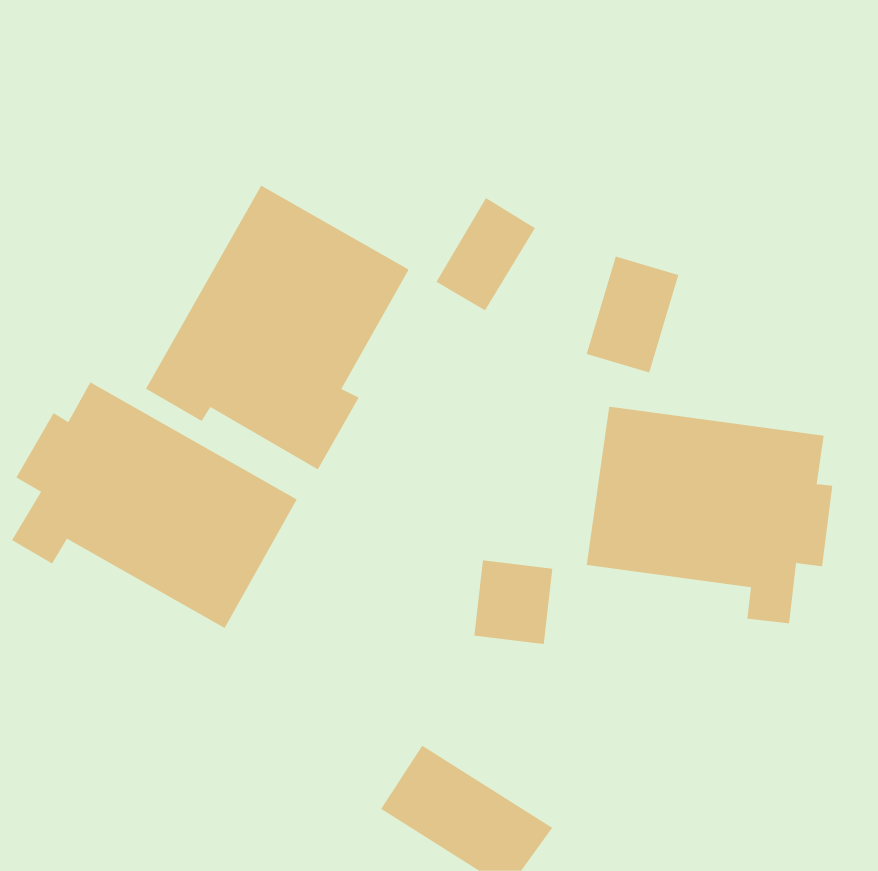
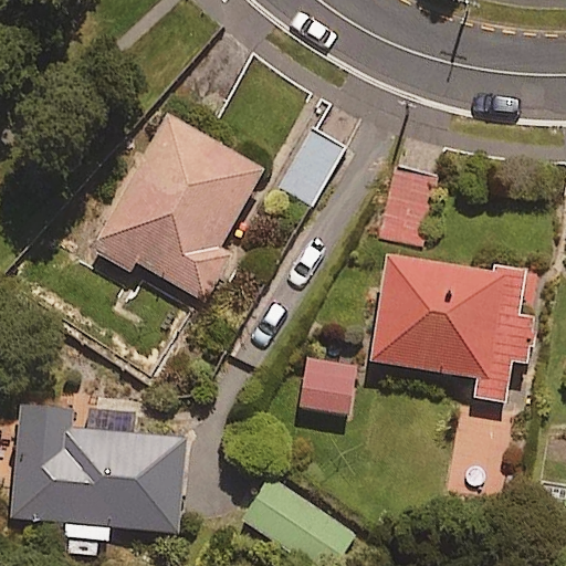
building: [11,382,297,629] -> none
building: none -> [11,406,185,535]

